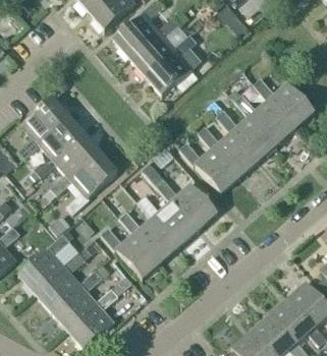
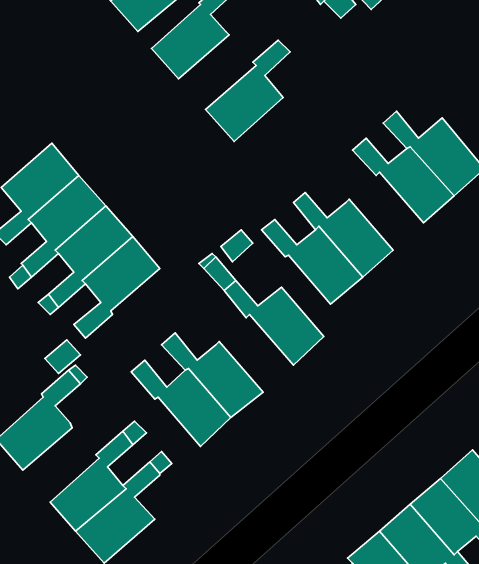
building: [128,16,179,76] -> none
building: [215,110,276,161] -> none
building: [138,195,198,246] -> none
building: [35,251,86,312] -> none

